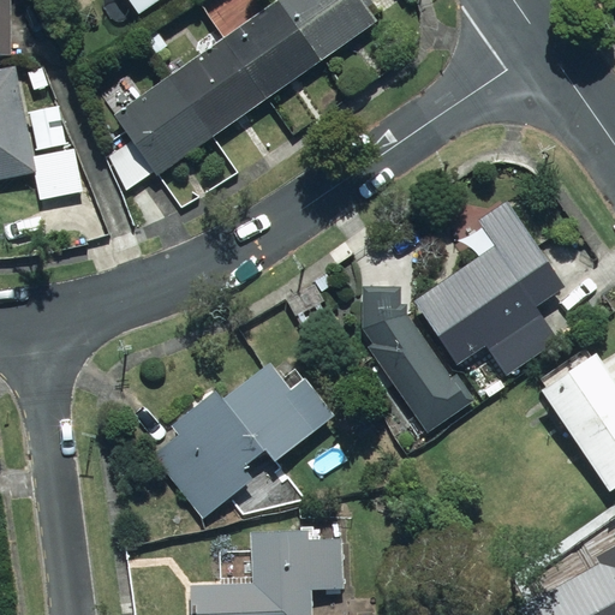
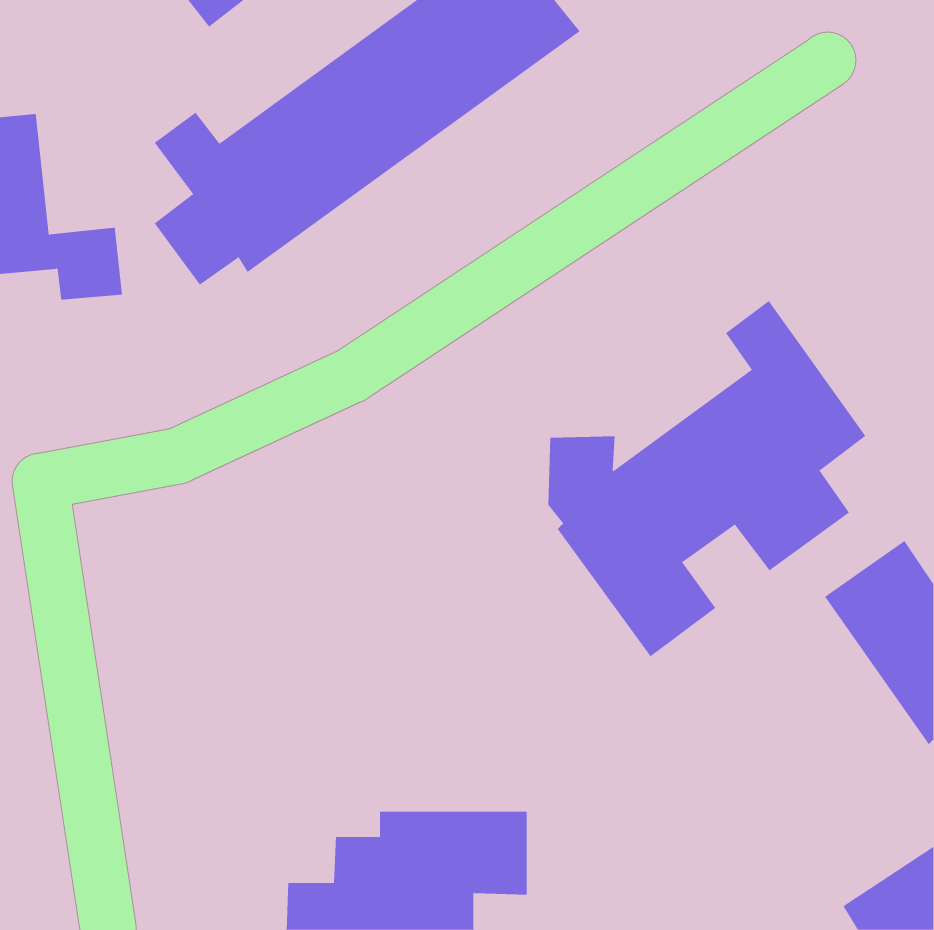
building: [161,364,334,509] -> none

